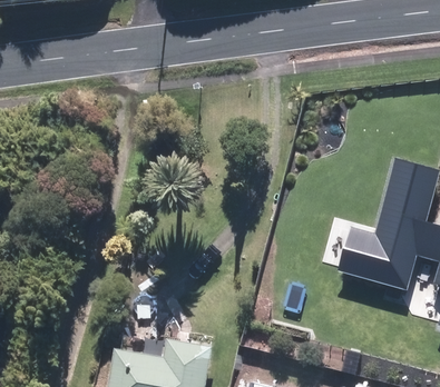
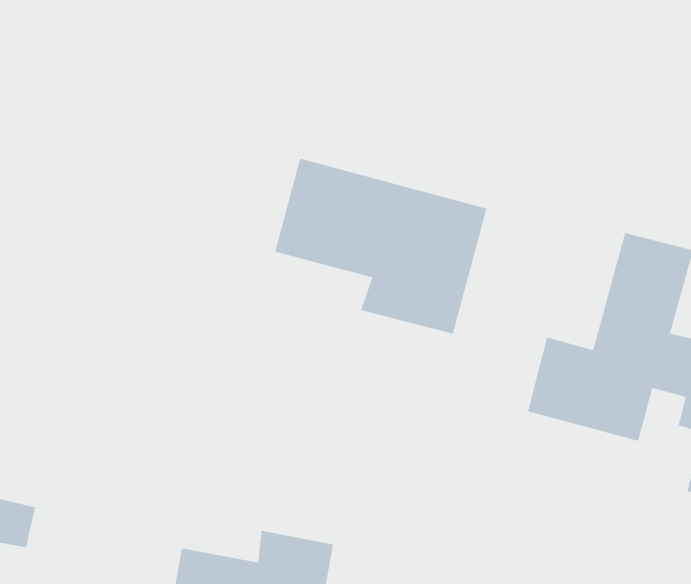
building: none -> [274,158,487,334]

